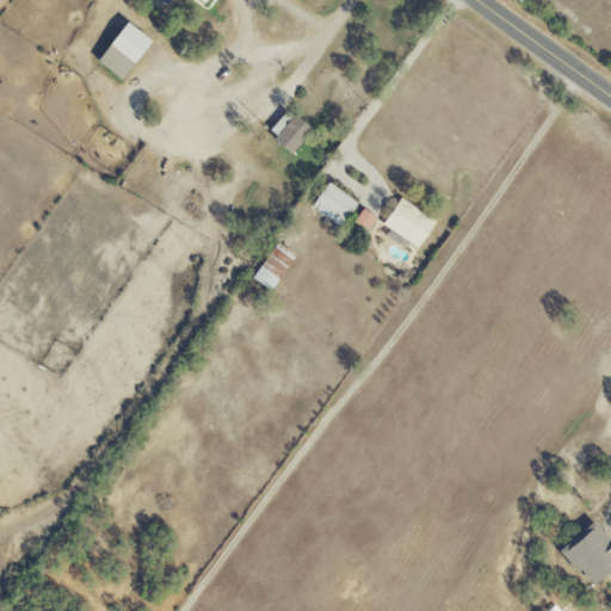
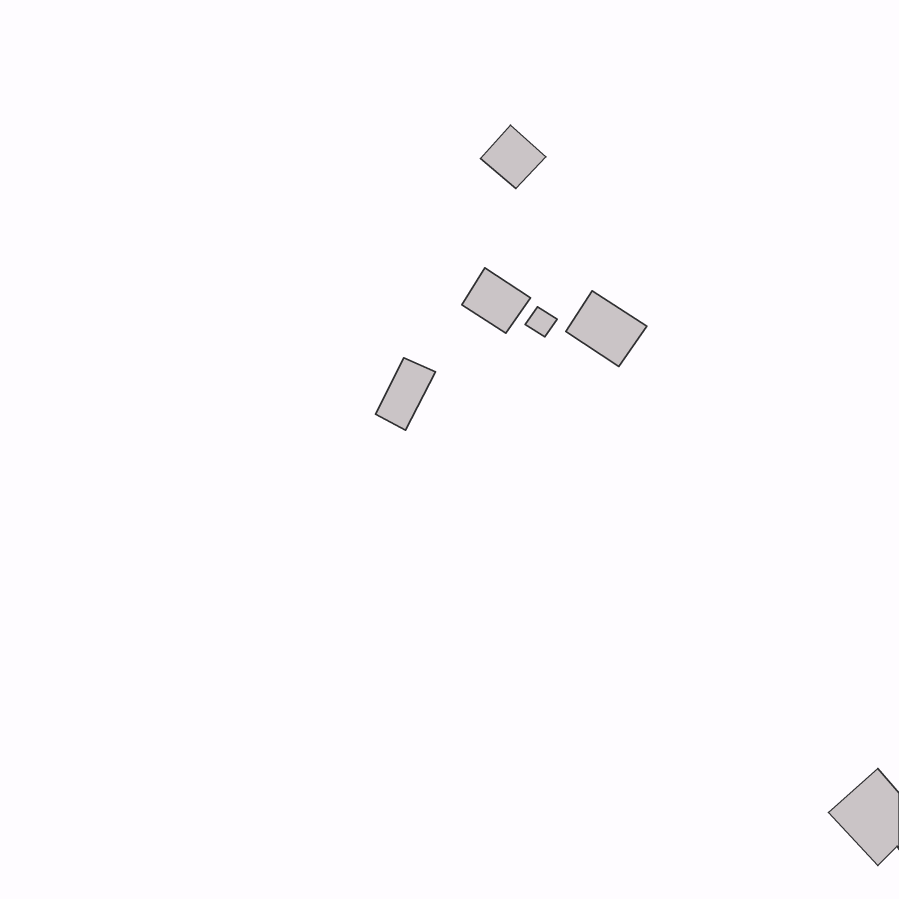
building: [98,21,154,79] -> none
building: [269,109,313,152] -> [481,125,546,189]

